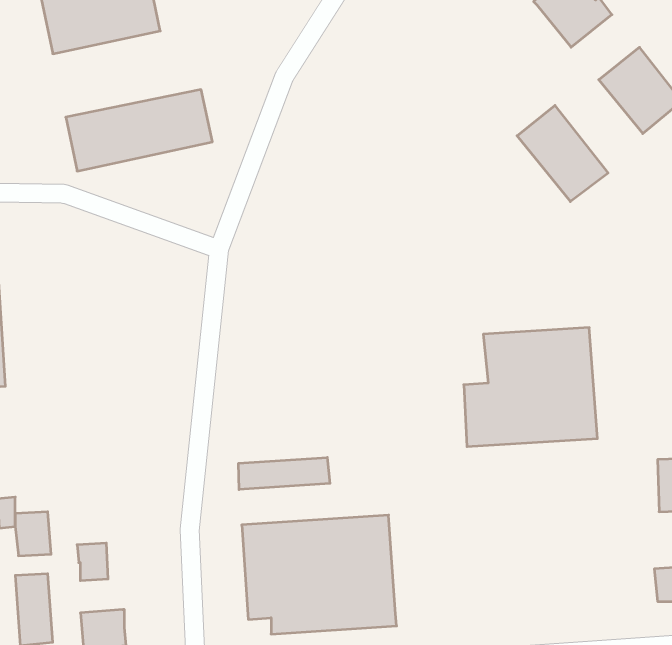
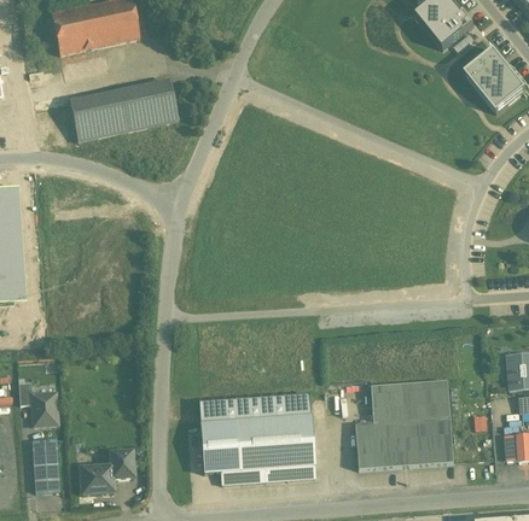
building: [517,105,608,202] -> none
building: [464,328,597,447] -> [355,380,454,468]
building: [239,457,330,490] -> none
building: [77,543,108,581] -> [110,450,133,478]

